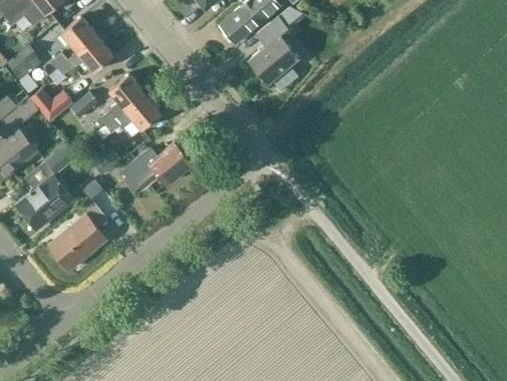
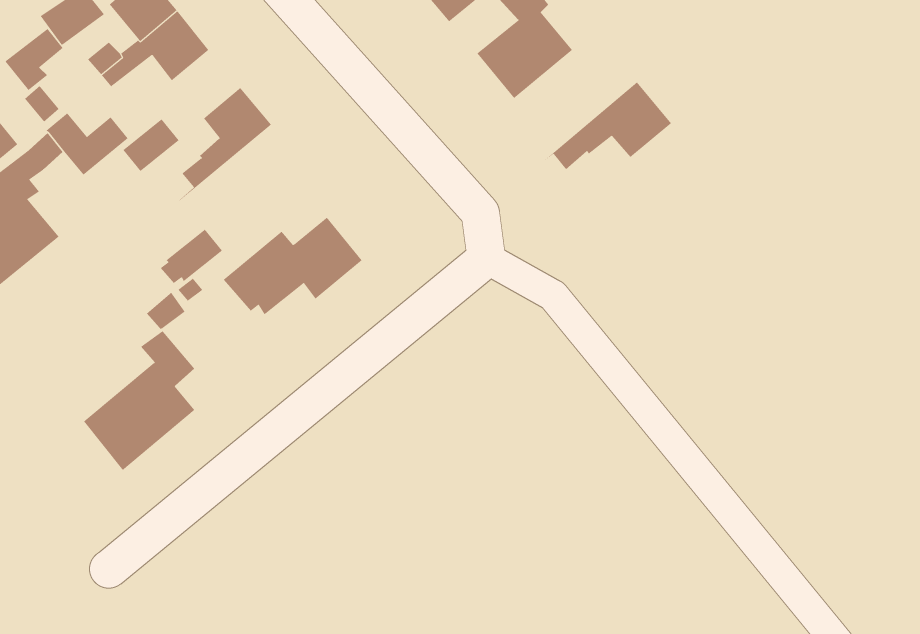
building: none -> [535,81,672,170]
building: [98,94,162,140] -> none
building: [16,144,76,231] -> none

